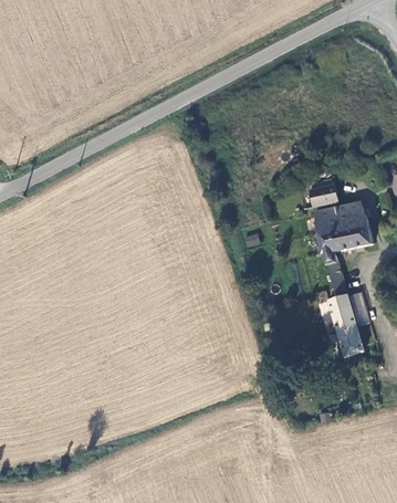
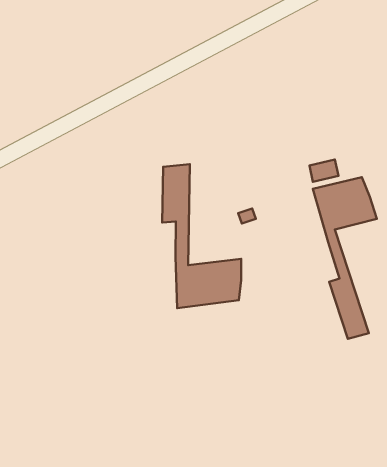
building: none -> [162,164,241,308]

